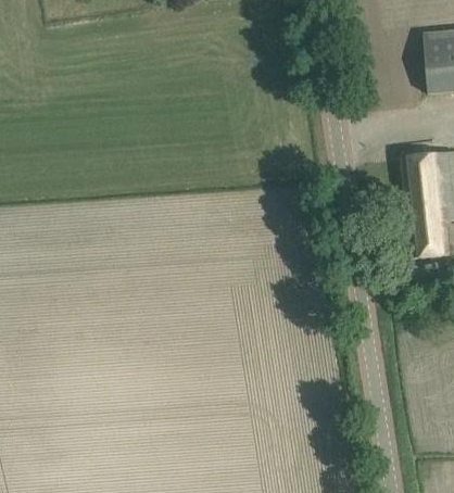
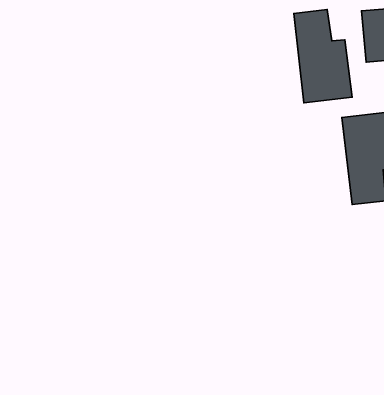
building: none -> [294,9,352,103]

